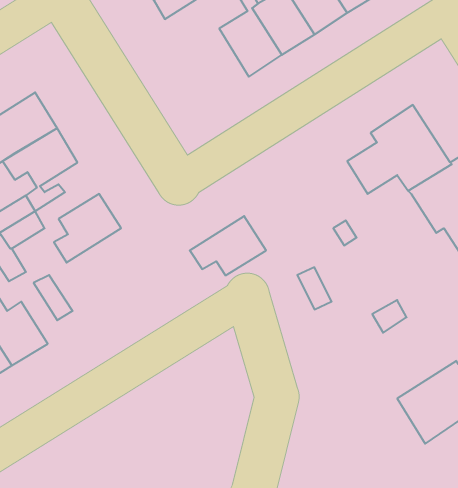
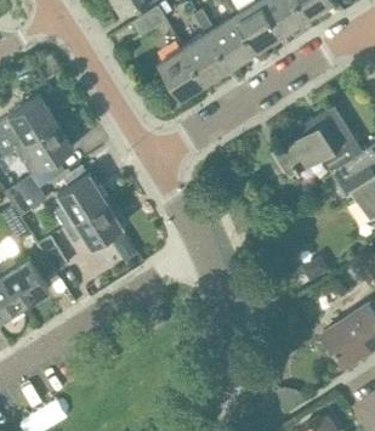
building: none -> [158,46,206,100]
building: [190,216,266,275] -> [64,202,124,248]

